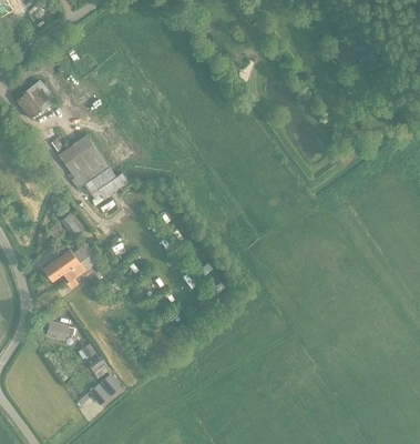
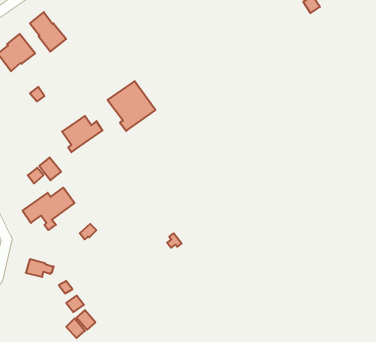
building: none -> [30,12,66,52]
building: [57,134,107,188] -> [108,81,155,131]

